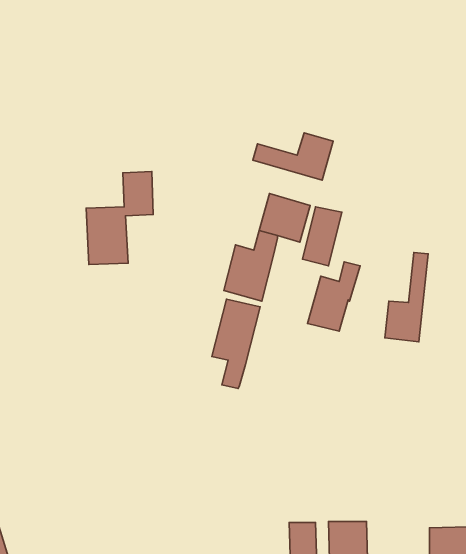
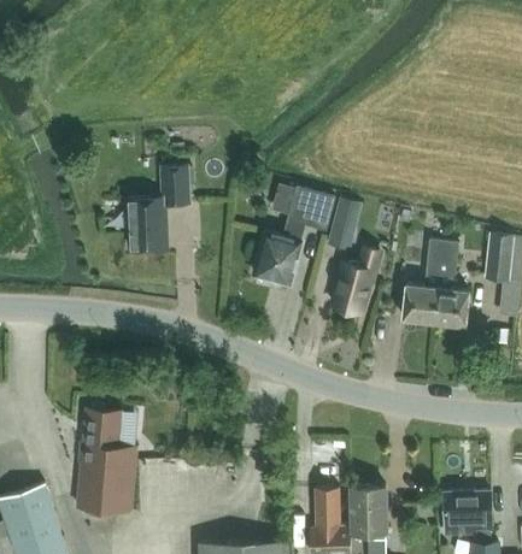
building: [253,133,333,180] -> none
building: none -> [434,242,469,326]
building: [212,299,260,388] -> none
building: none -> [78,409,137,509]

